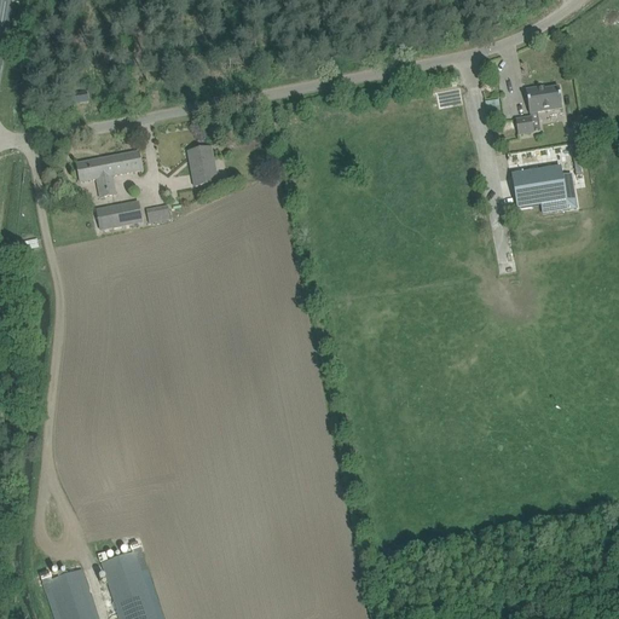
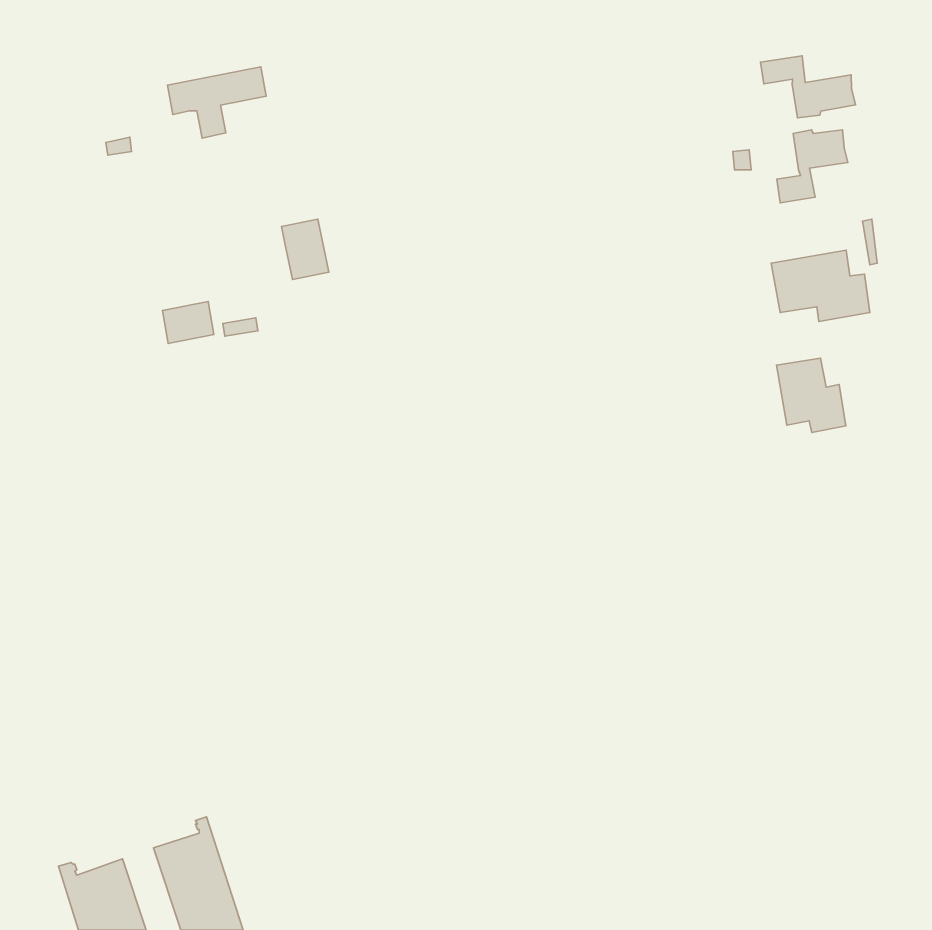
building: none -> [760,56,855,118]
building: [76,150,141,197] -> [168,67,266,138]
building: none -> [776,358,846,432]

